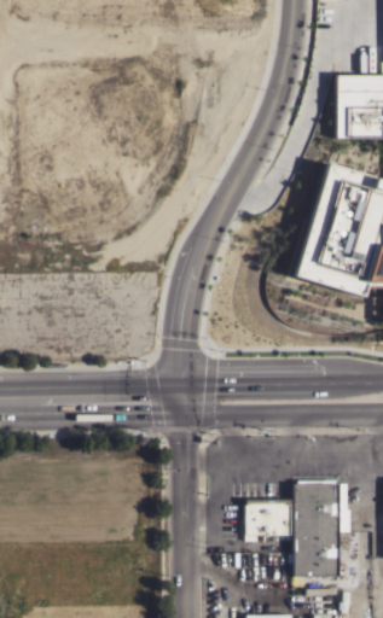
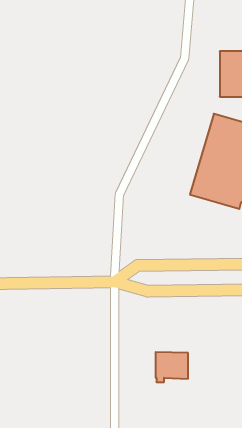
building: [296,483,352,576] -> none

